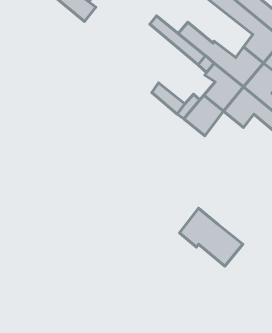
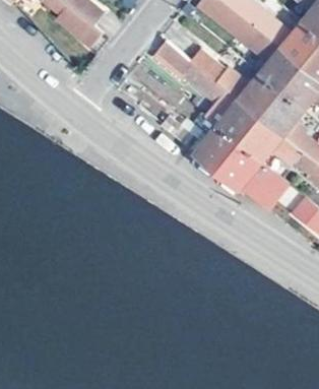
building: [179,208,243,266] -> [220,145,289,207]

